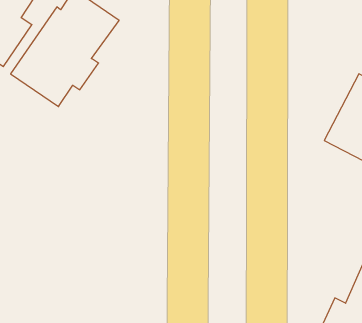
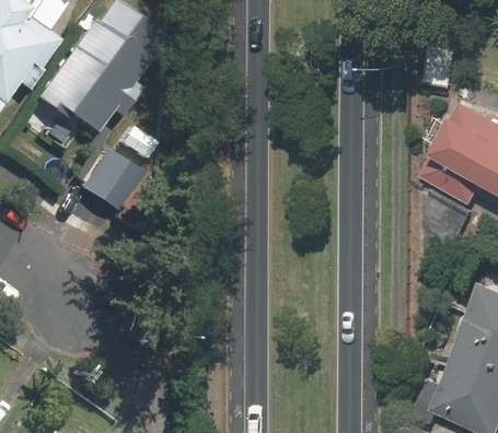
building: none -> [78,149,142,212]

